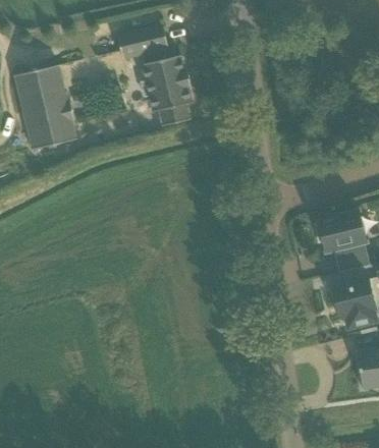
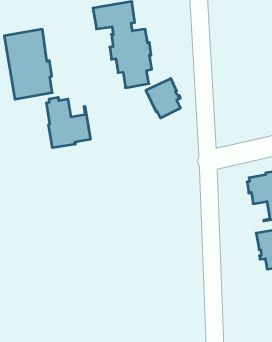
building: none -> [146,78,180,118]
building: none -> [47,97,90,148]

